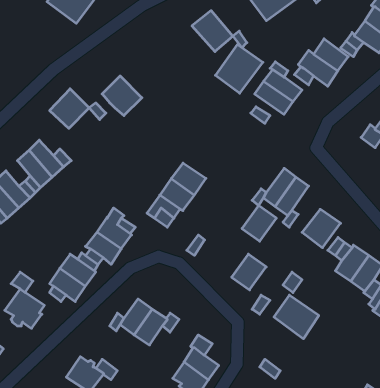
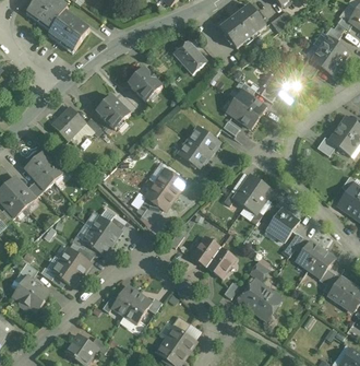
building: none -> [128,67,161,101]
building: [215,45,263,93] -> [179,126,219,167]
building: [242,205,276,241] -> [191,235,220,265]

